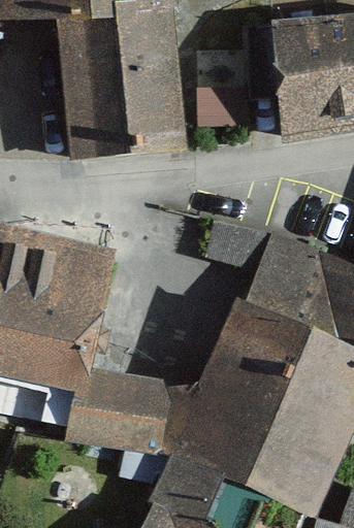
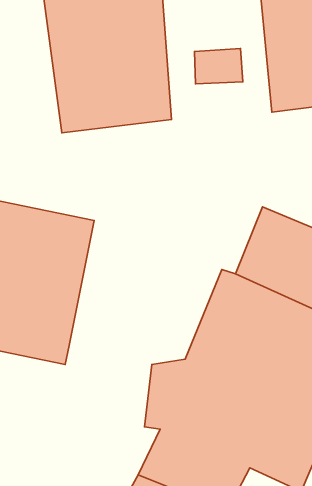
building: [66,370,165,451] -> none

